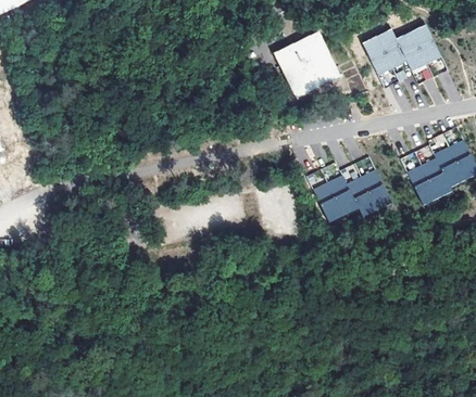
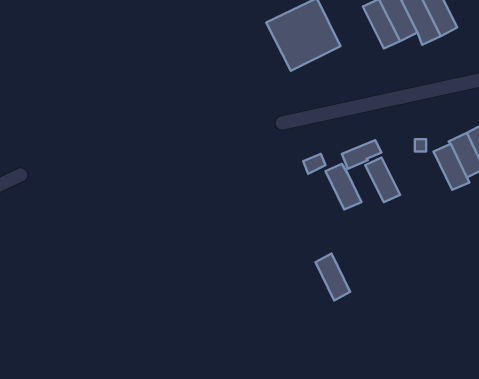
building: [405,166,437,207] -> none
building: [346,178,377,218] -> none
building: [312,183,342,225] -> [315,253,350,301]

